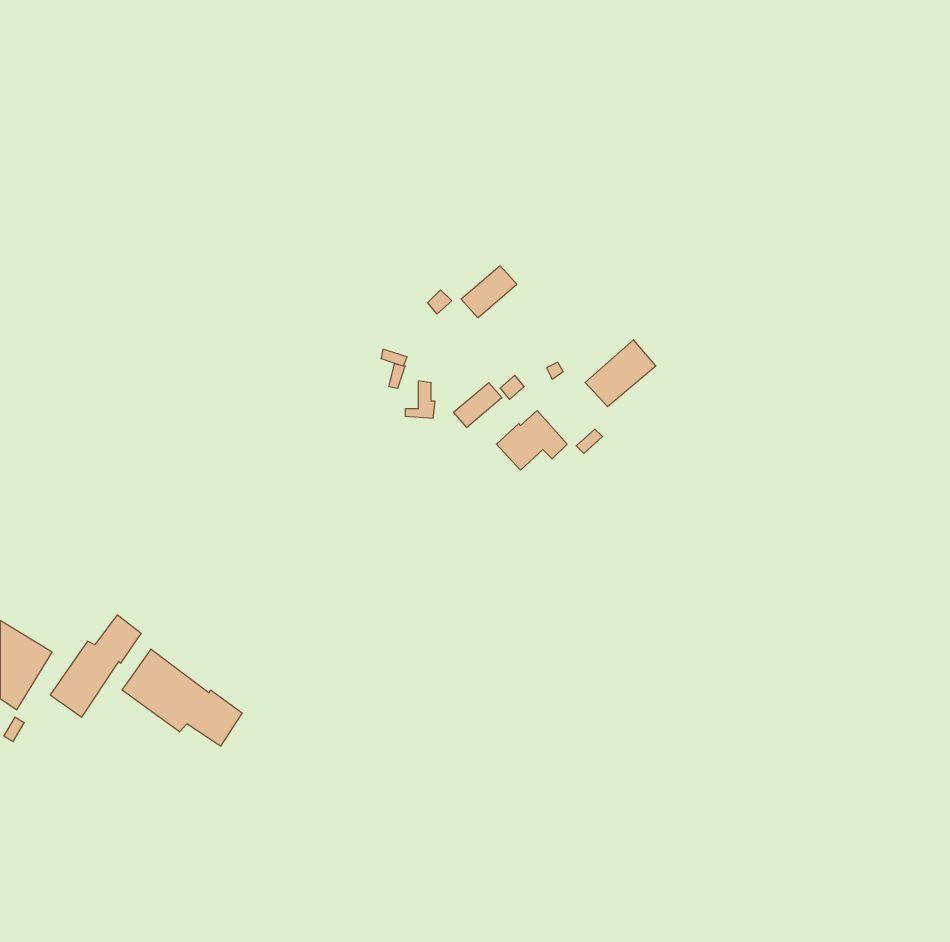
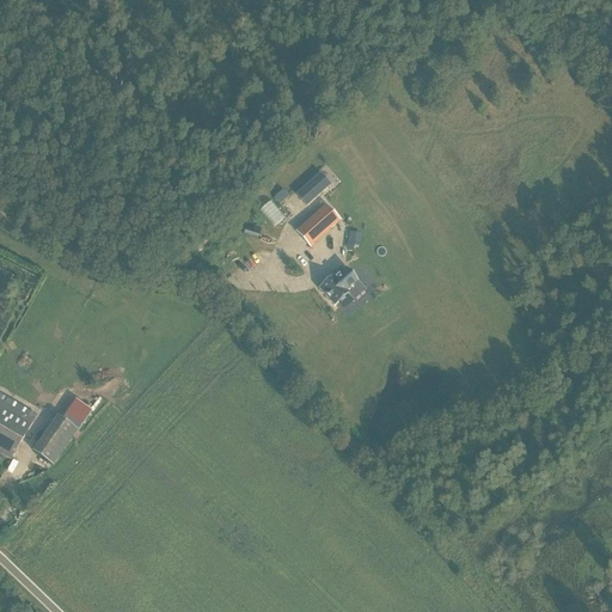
building: [585,340,656,407] -> [296,202,342,245]
building: [122,649,242,746] -> none

